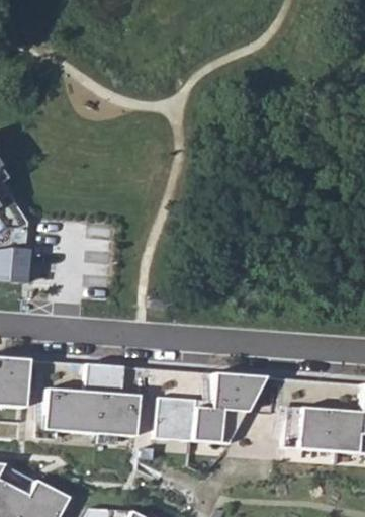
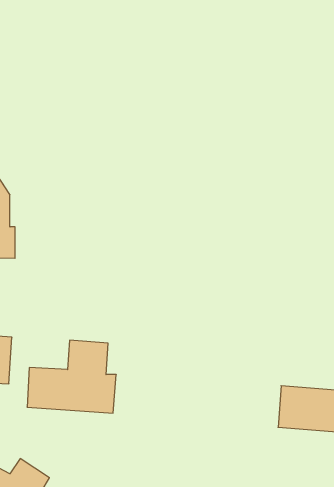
building: [158,376,263,440] -> none

